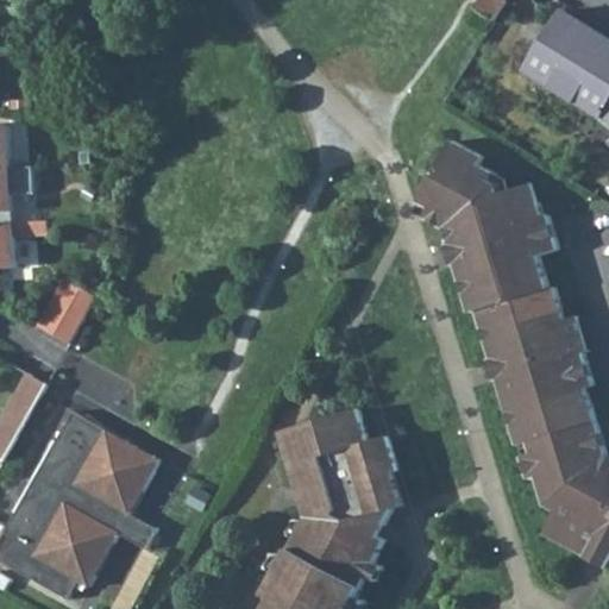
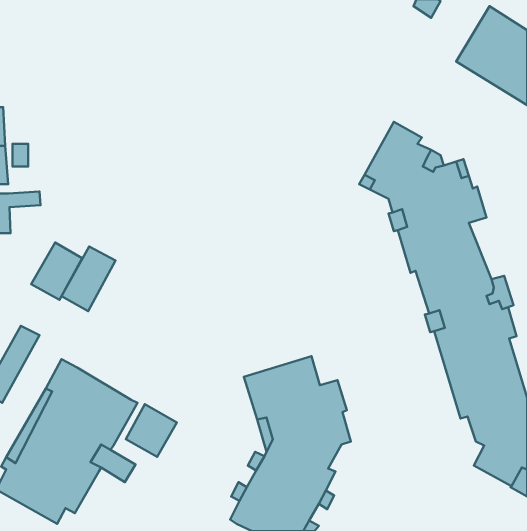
building: none -> [61,246,116,311]
building: none -> [126,404,177,457]

